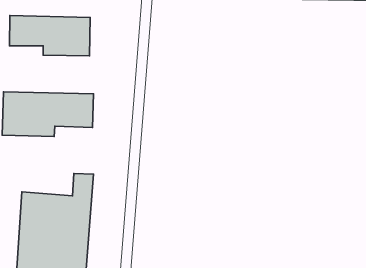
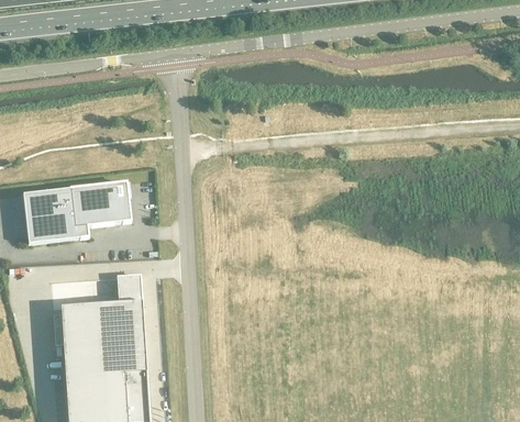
building: [9,16,90,56] -> none

